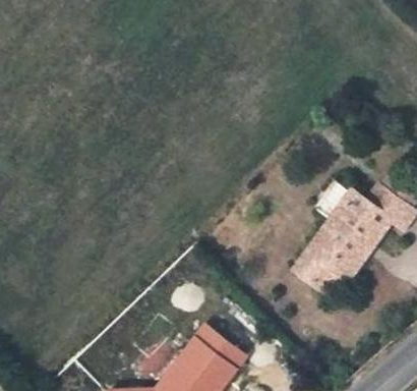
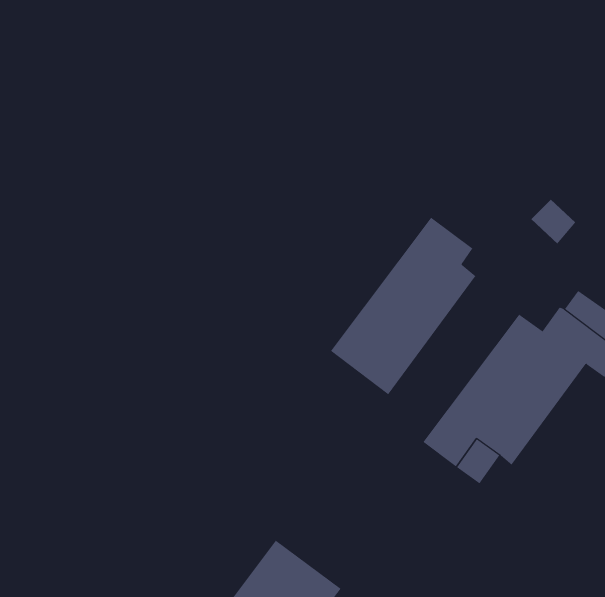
building: none -> [330,217,476,395]

